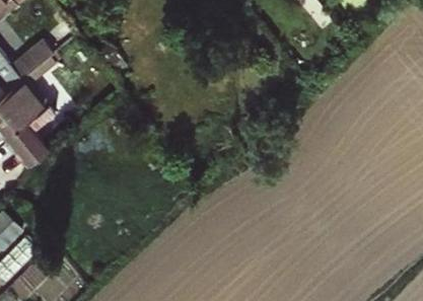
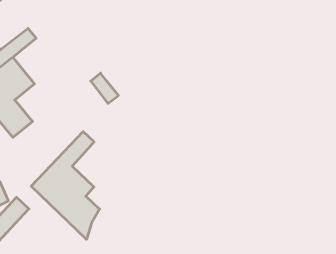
building: none -> [31,132,100,239]

